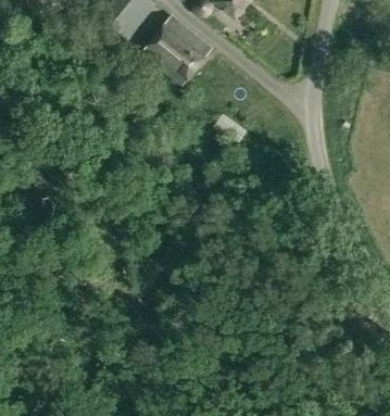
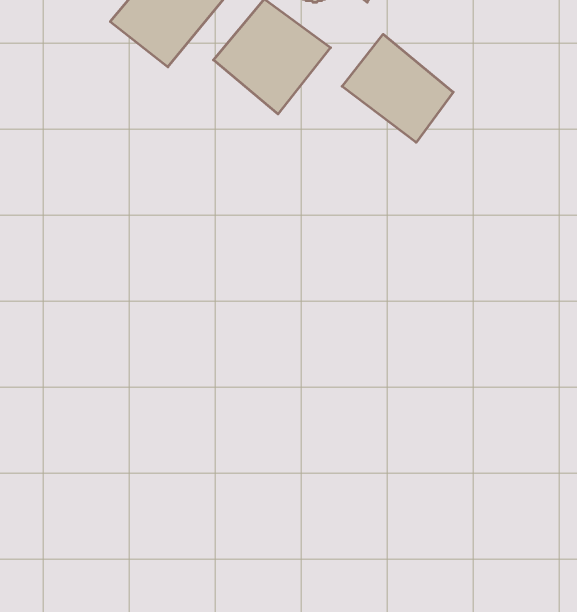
building: none -> [342,34,453,142]

